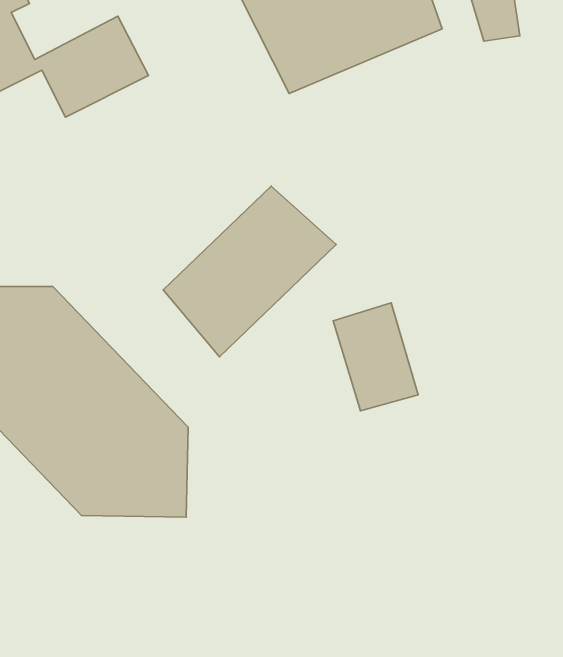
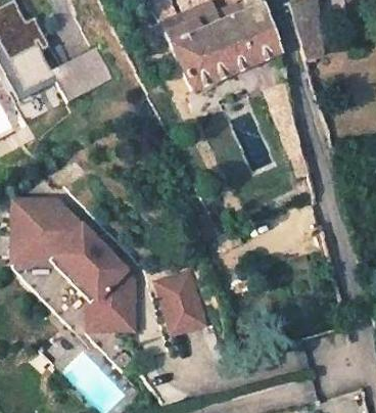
building: [163,186,336,357] -> none
building: [333,303,418,411] -> [158,272,206,333]

